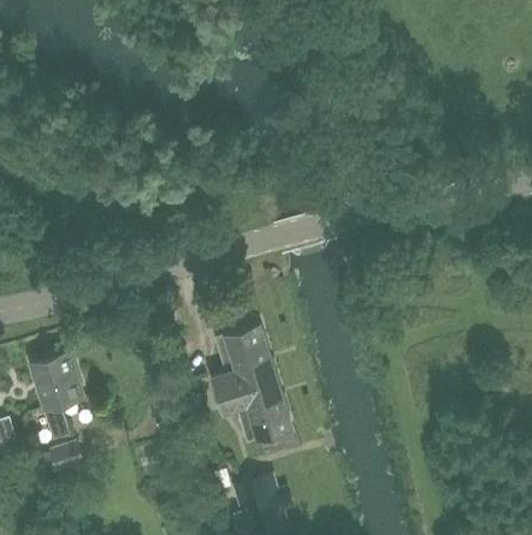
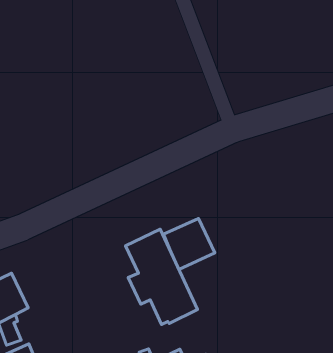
building: none -> [164,218,215,270]

